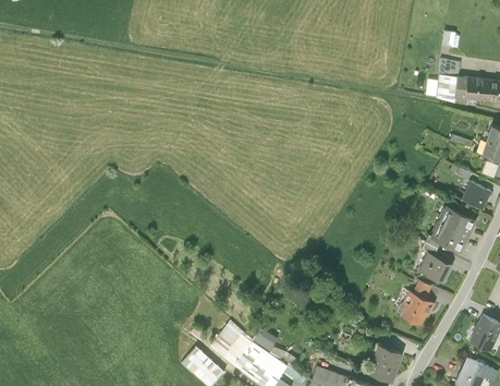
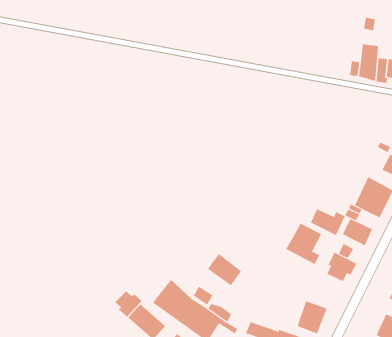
building: none -> [310,208,346,236]
building: none -> [286,223,322,265]
building: none -> [207,253,242,286]
building: none -> [114,290,143,317]

